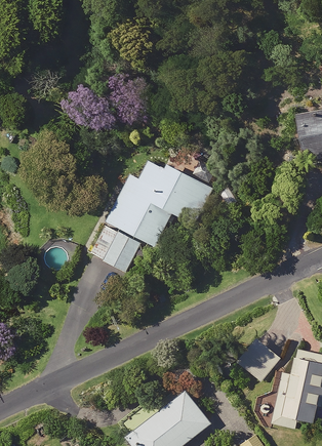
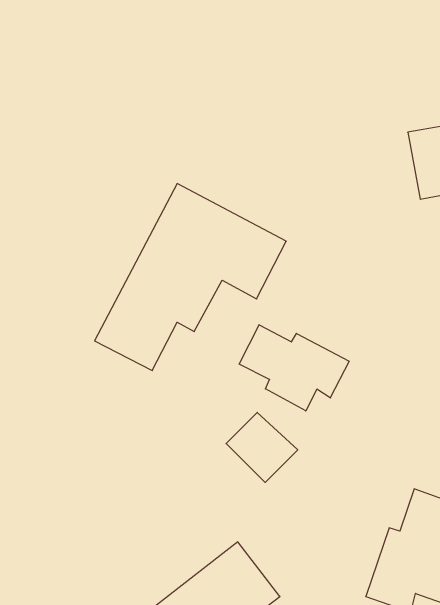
building: none -> [239,325,349,411]
building: [234,338,281,384] -> [226,412,298,482]

